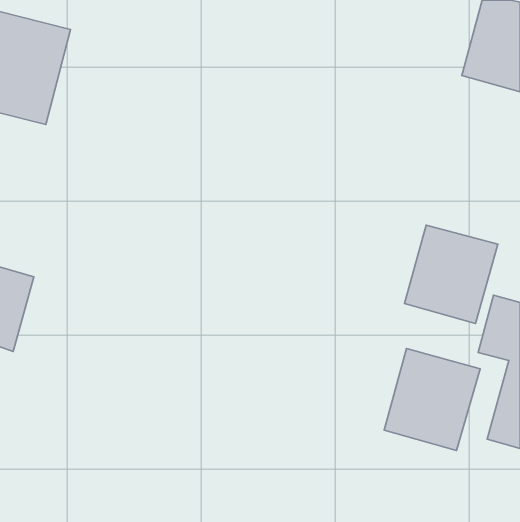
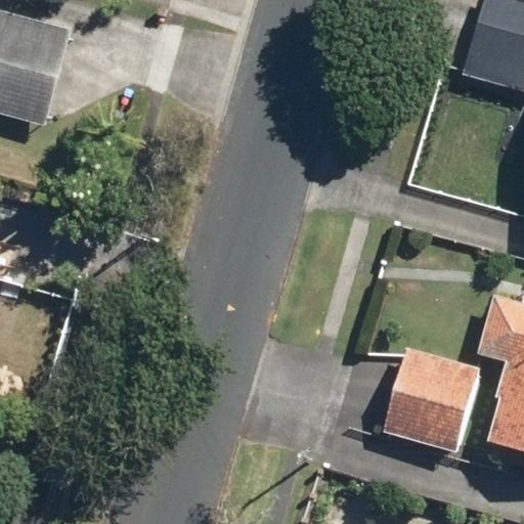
building: [405,225,498,324] -> none

